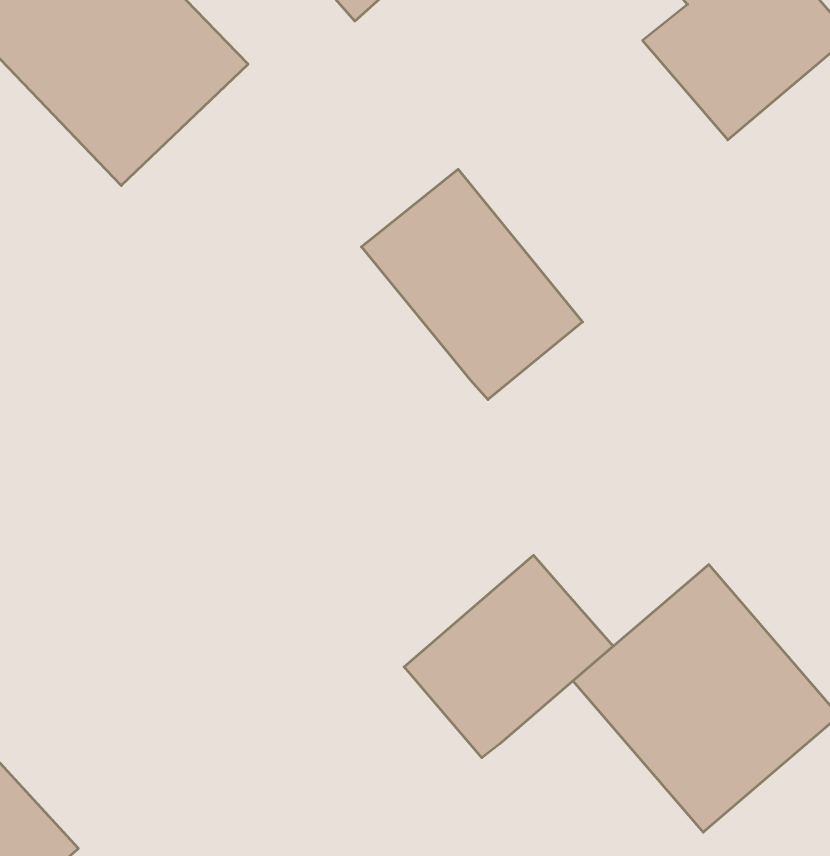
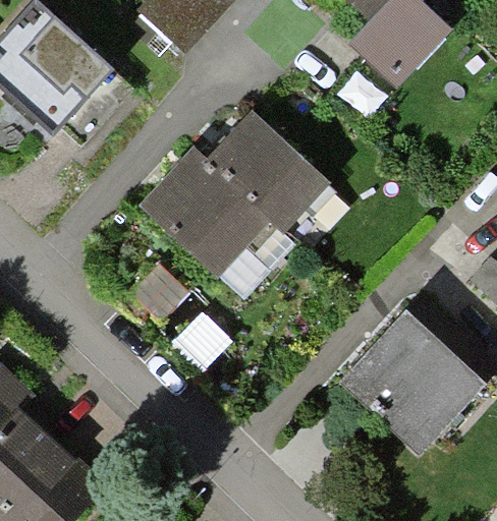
building: none -> [136,150,274,287]
building: [404,555,613,758] -> none

